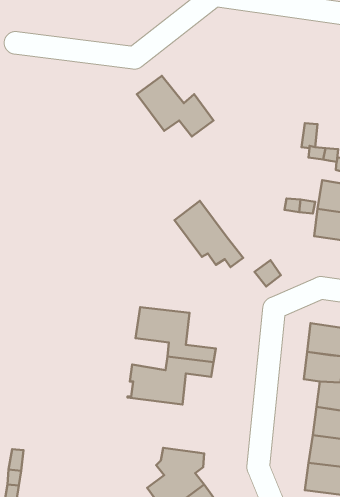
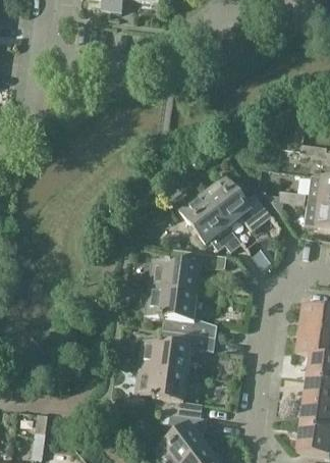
building: [137,76,213,136] -> [204,175,272,229]
building: none -> [151,249,227,292]
building: none -> [138,367,203,416]

